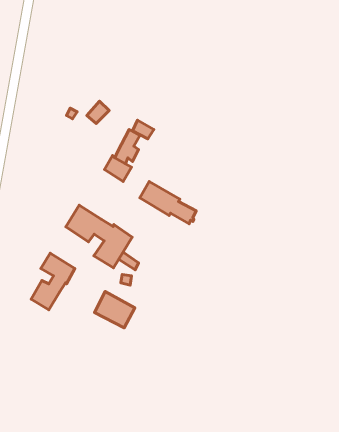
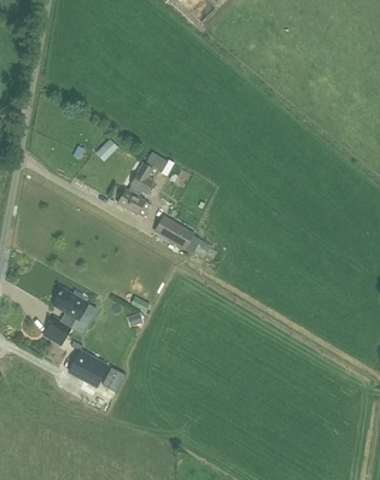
building: [66,205,132,268] -> none
building: [95,291,135,328] -> [70,349,111,386]

